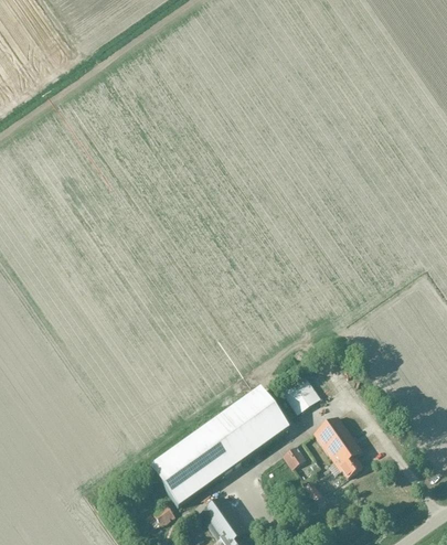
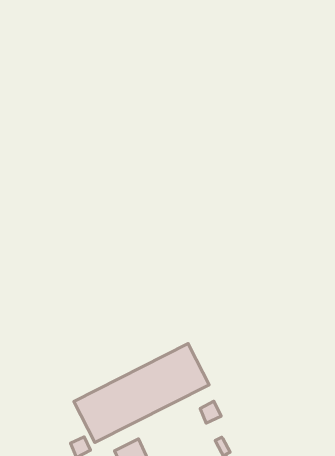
building: [280,374,319,413] -> none
building: [312,415,362,477] -> none

